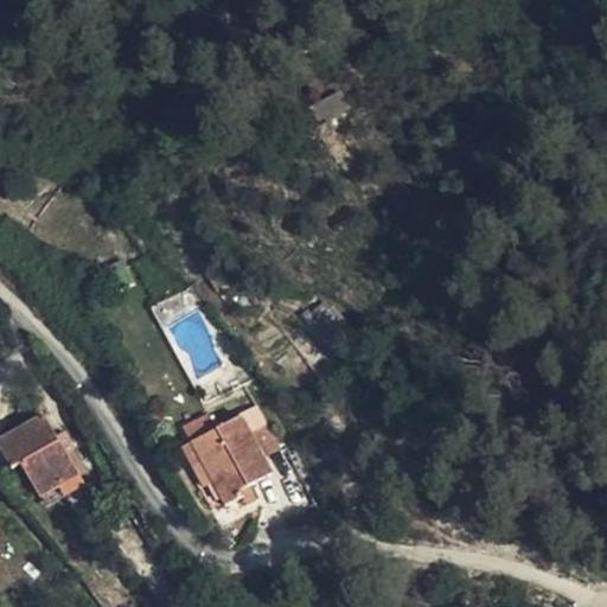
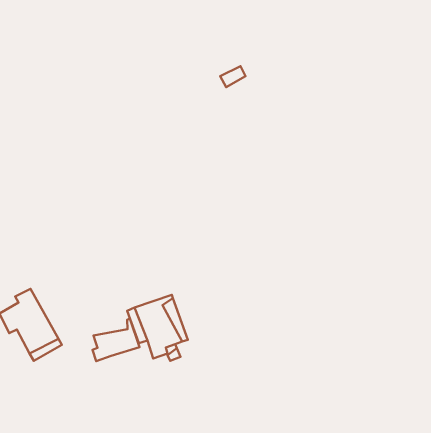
building: none -> [93,319,140,361]

